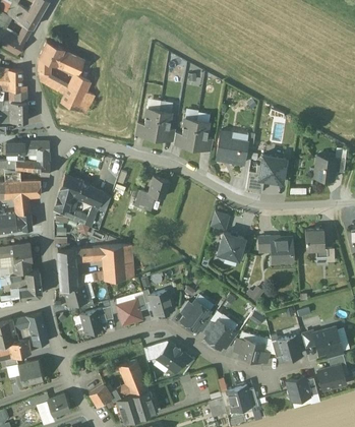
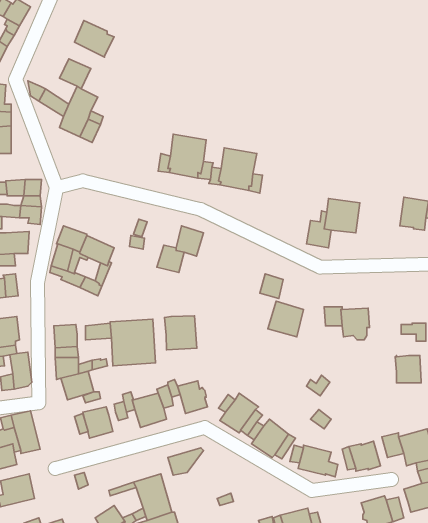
building: [40,40,69,67] -> [74,20,114,57]
building: [216,130,247,163] -> none
building: [304,229,323,249] -> [395,356,421,383]
building: none -> [165,316,197,350]
building: [157,343,186,371] -> none

